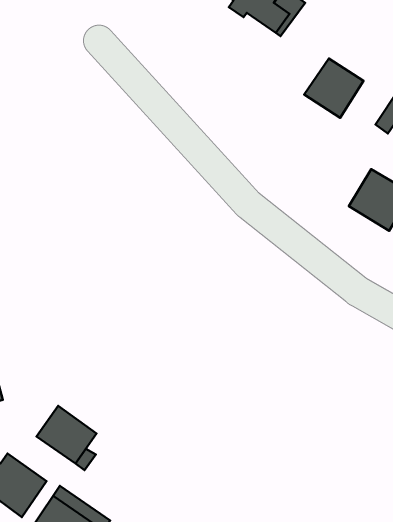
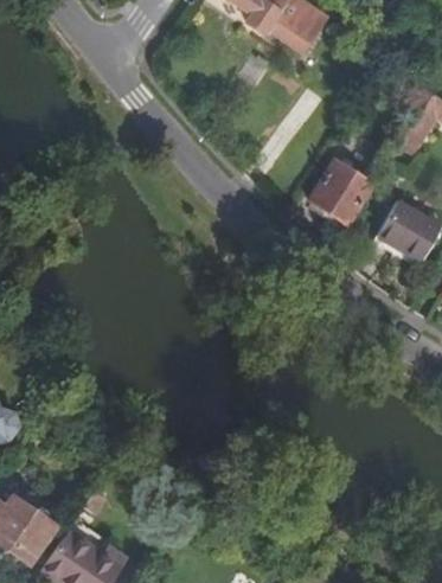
building: [304,59,364,118] -> [309,160,372,223]
building: [36,406,96,463] -> none

